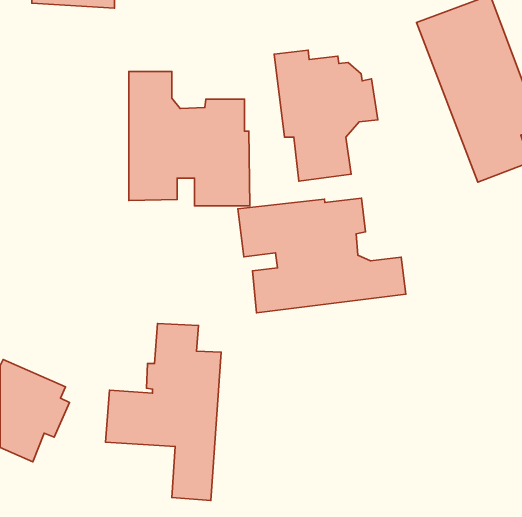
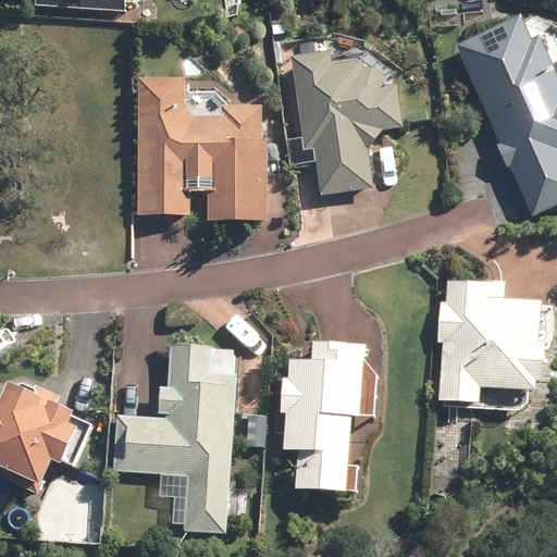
building: [238,198,406,313] -> none
building: none -> [440,278,541,401]
building: none -> [283,342,362,494]

